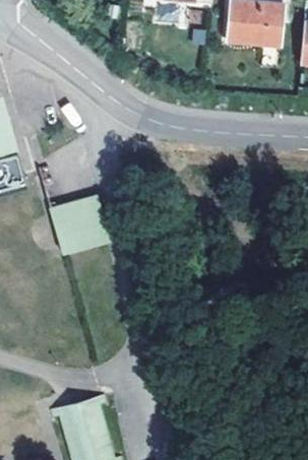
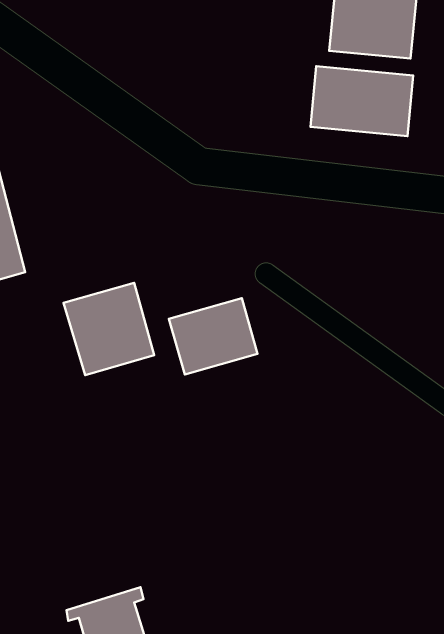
building: none -> [310,66,413,136]
building: none -> [169,298,257,375]

